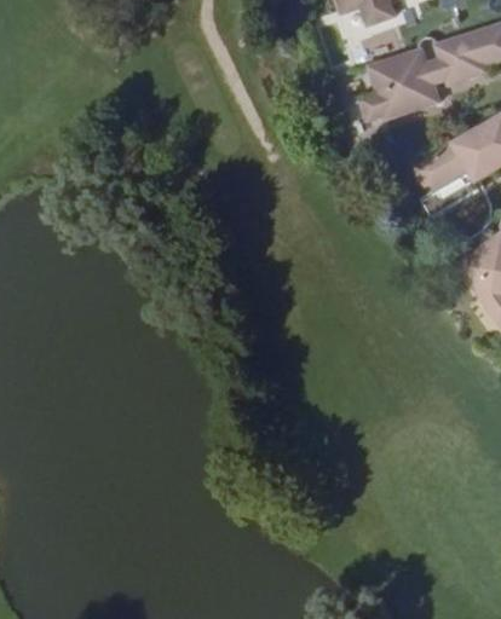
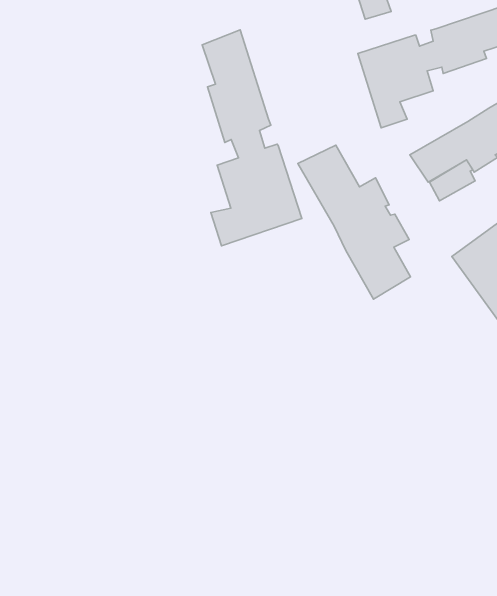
building: none -> [202,30,302,246]
building: none -> [298,145,410,299]

